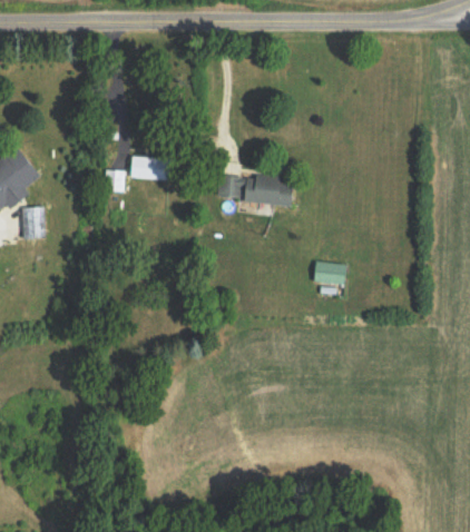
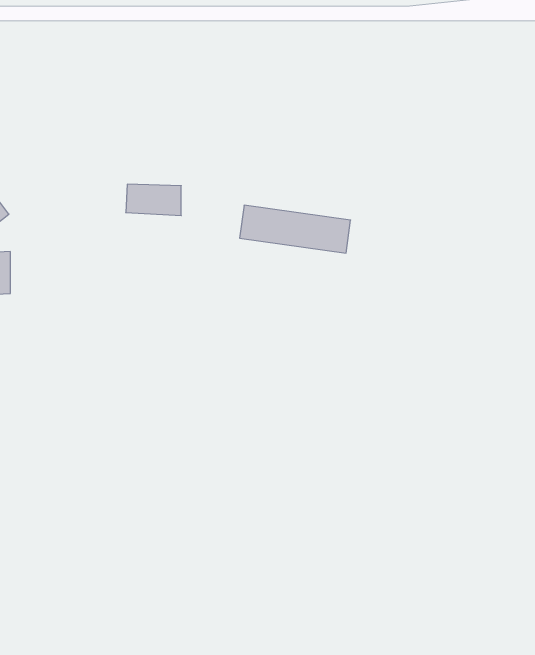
building: [314,262,346,284] -> none

